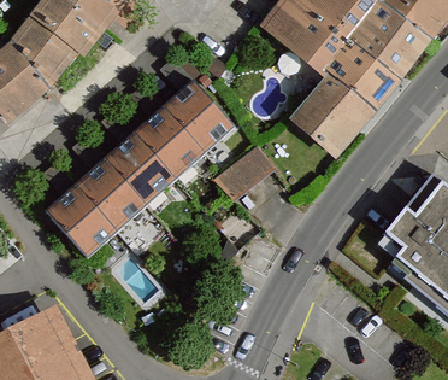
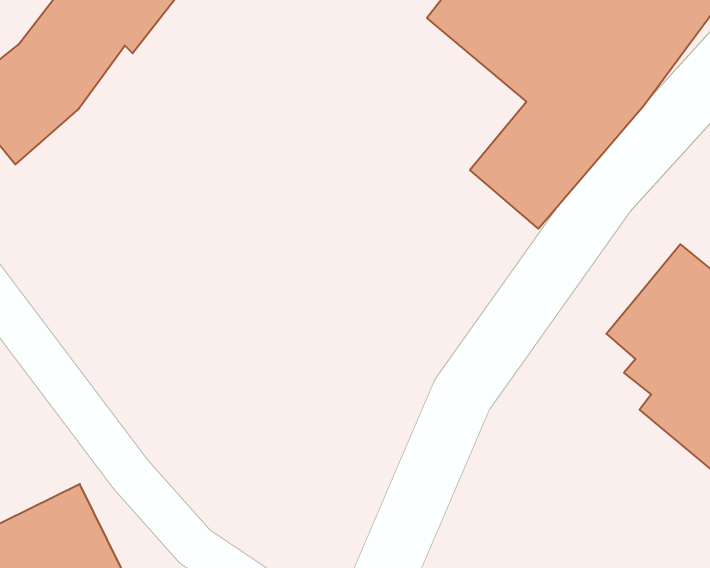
building: [35,84,220,259] -> none
building: [218,144,273,197] -> none

